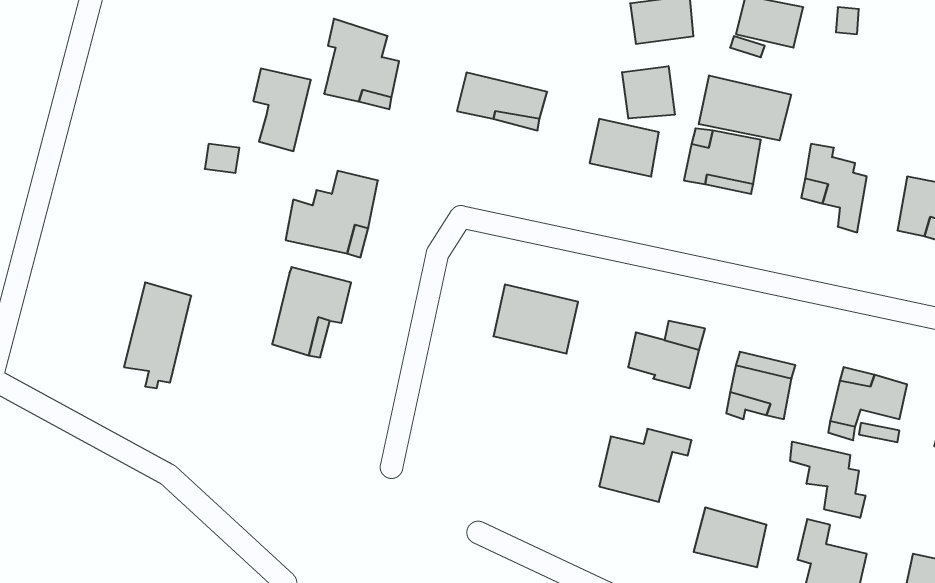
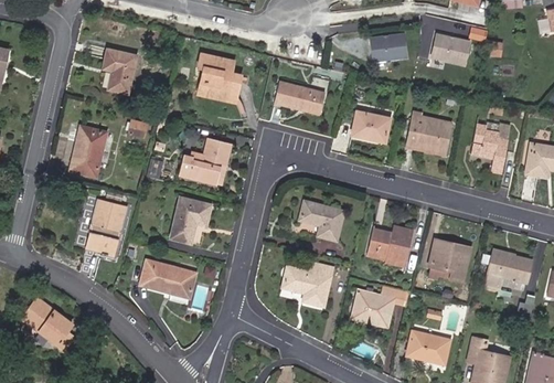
building: [622,66,675,119] -> none
building: [253,68,311,151] -> [108,49,141,96]
building: [699,75,791,140] -> none
building: none -> [67,126,104,178]
building: none -> [135,257,192,297]
building: none -> [281,259,332,307]
building: [790,442,865,518] -> none
building: none -> [22,299,74,352]

